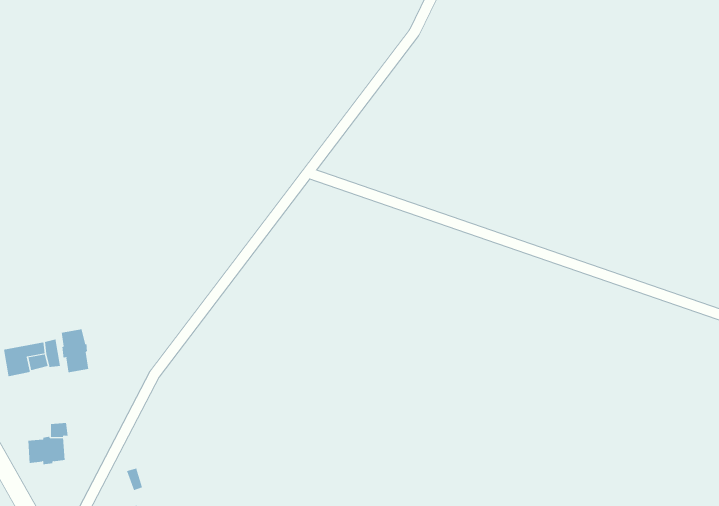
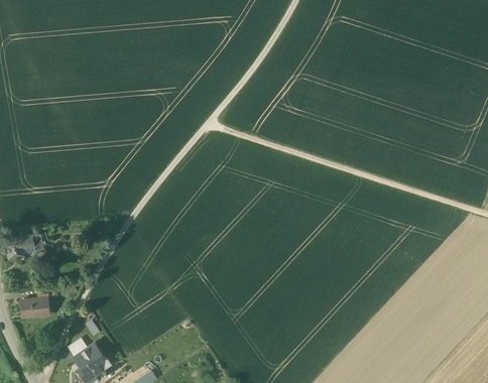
building: [61,328,89,373] -> none

